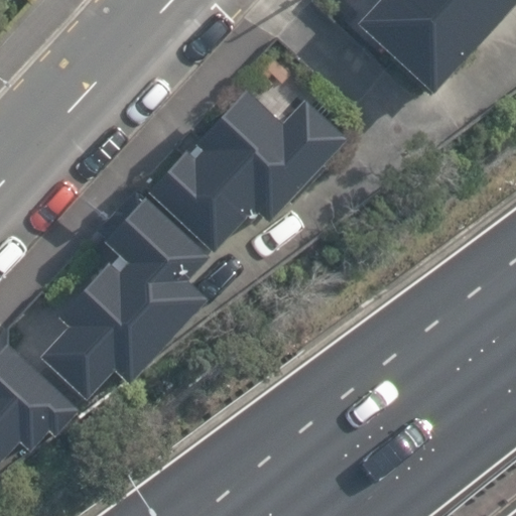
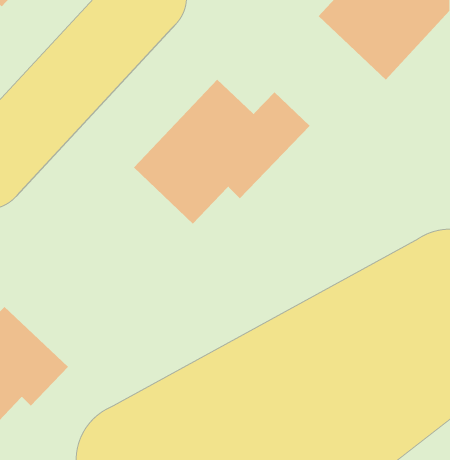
building: [46,194,215,391] -> none

